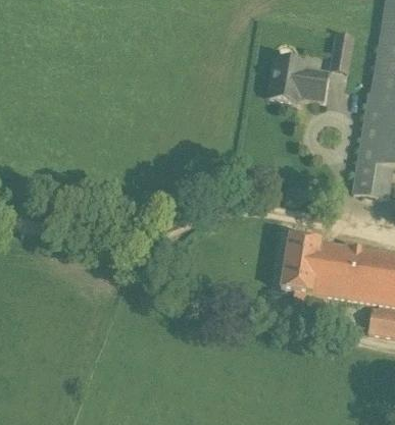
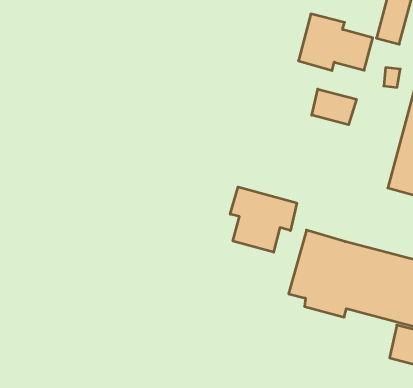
building: none -> [312,89,356,125]
building: none -> [230,187,297,252]

